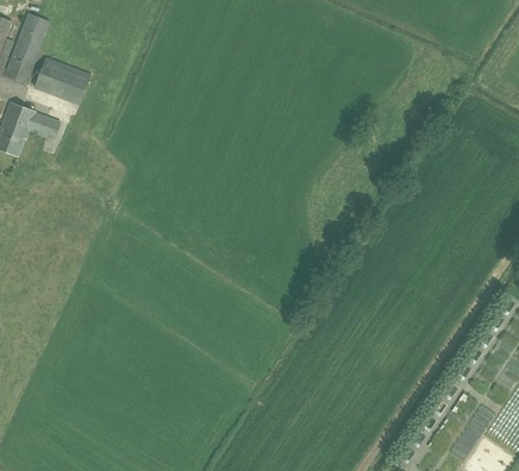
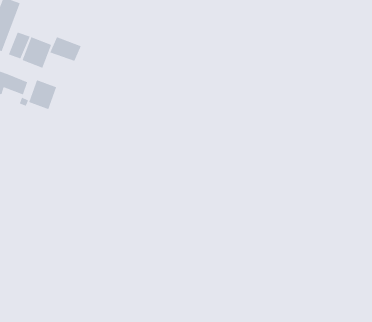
building: none -> [49,36,82,62]
building: none -> [28,79,57,110]

